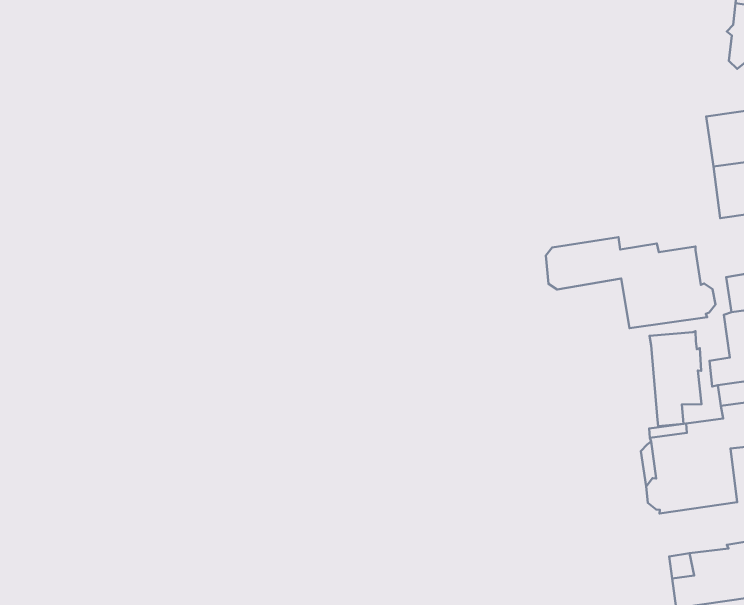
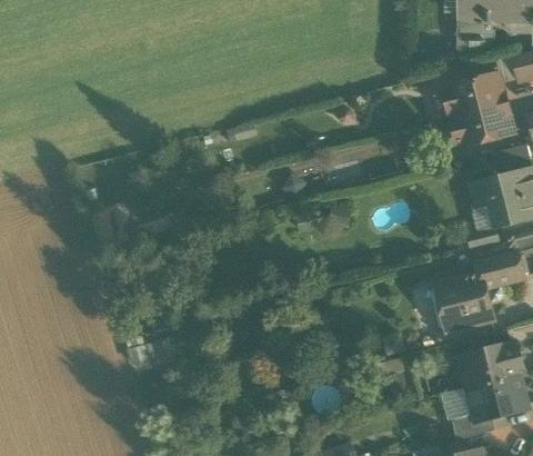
building: [546,237,715,328] -> none
building: [649,331,701,426] -> none

